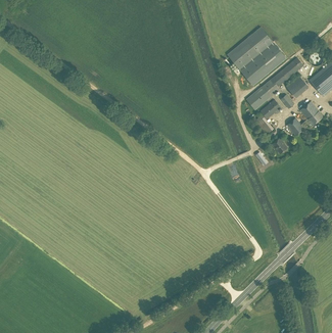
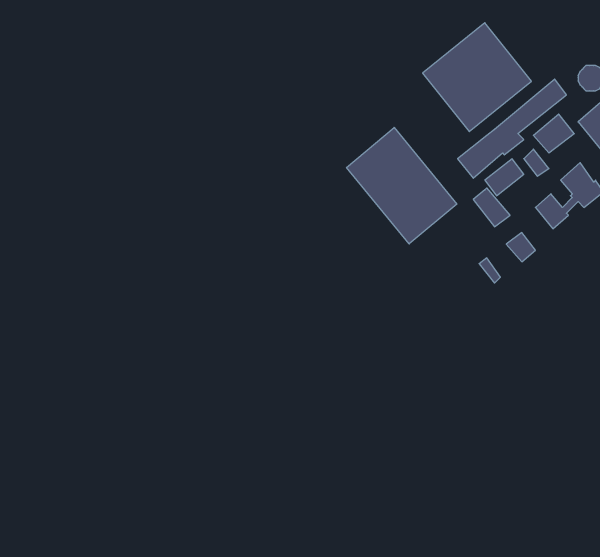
building: none -> [347,127,457,244]

